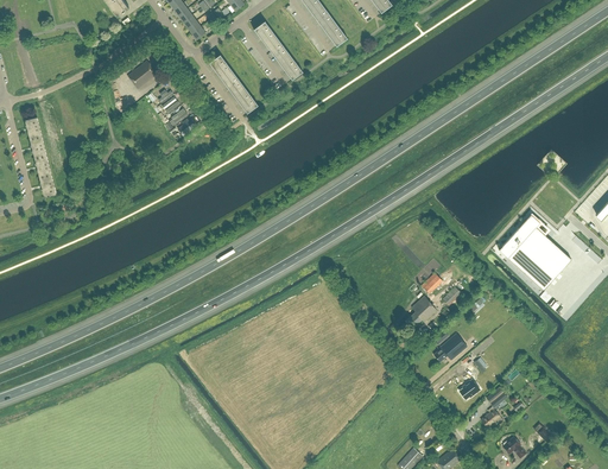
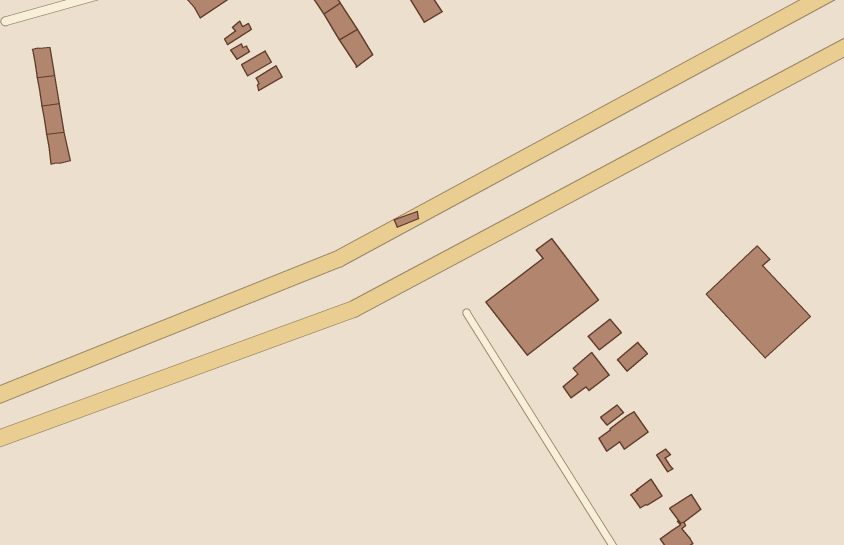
building: none -> [486,239,598,355]

